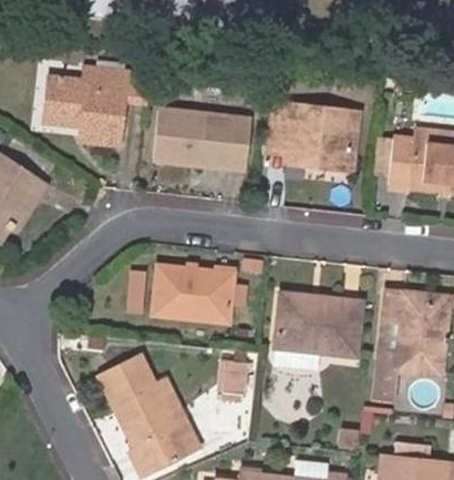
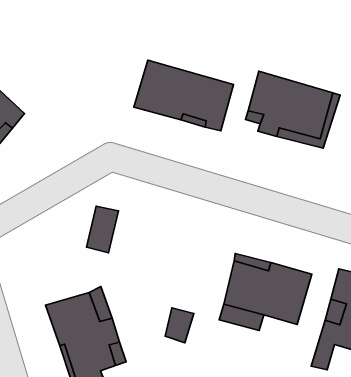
building: [43,65,124,143] -> none
building: [155,267,235,323] -> none

